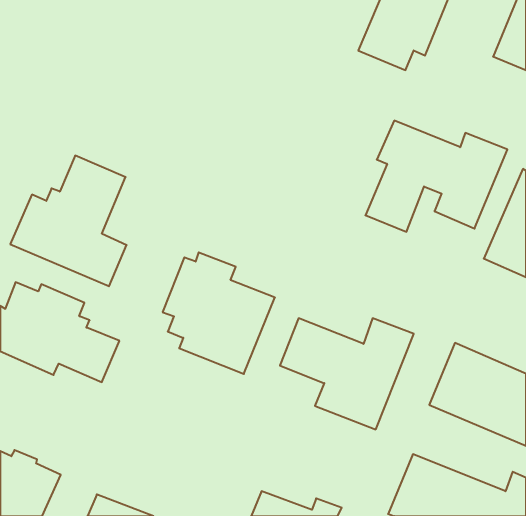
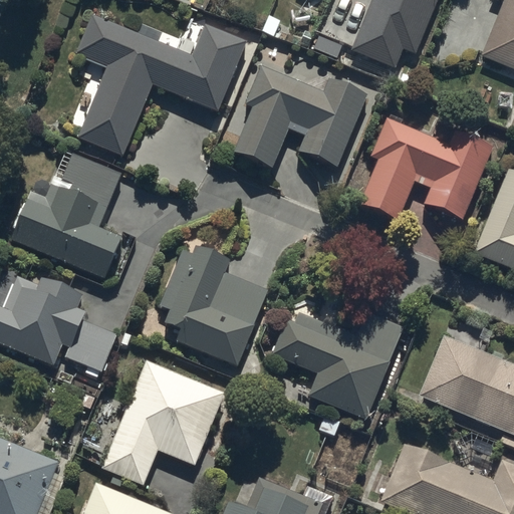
building: none -> [78,15,247,156]
building: none -> [233,66,369,170]
building: none -> [102,361,222,484]

